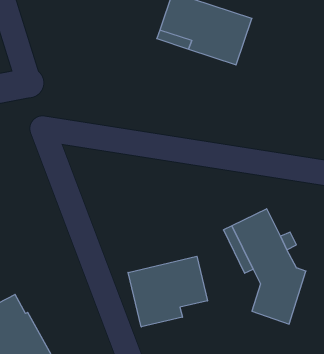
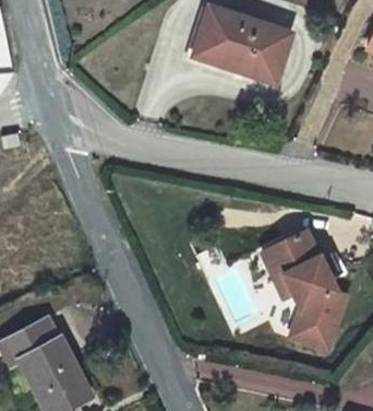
building: [128,256,207,327] -> none

